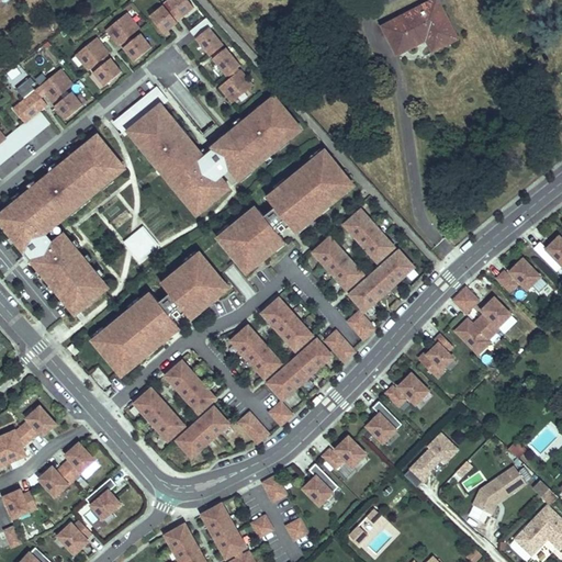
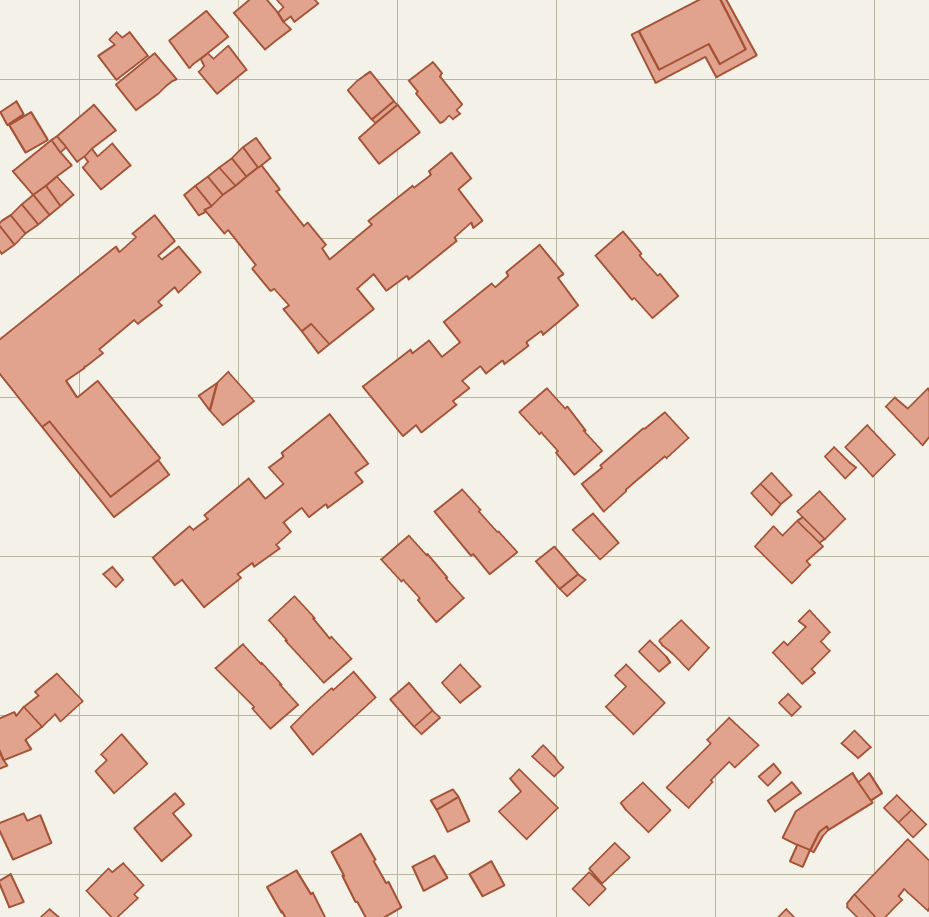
building: [191,20,223,56] -> [409,62,462,123]
building: [92,57,122,86] -> [98,32,148,80]
building: [346,209,395,260] -> [595,232,678,318]
building: [417,334,451,378] -> [773,610,830,684]
building: [267,340,330,400] -> none
building: [335,438,364,468] -> [621,783,670,832]
building: [37,465,72,496] -> none

